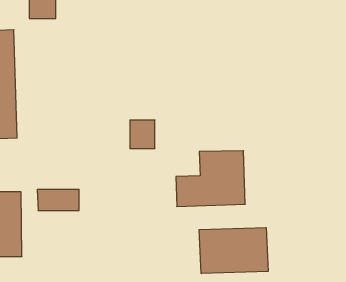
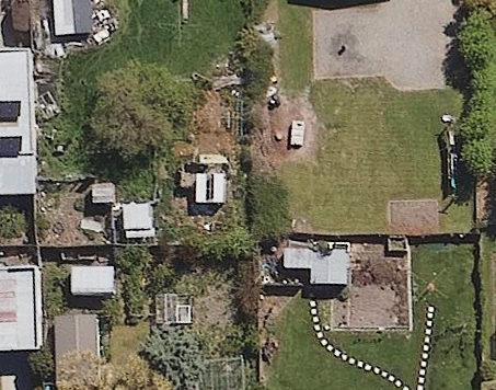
building: [199,228,268,274] -> none

